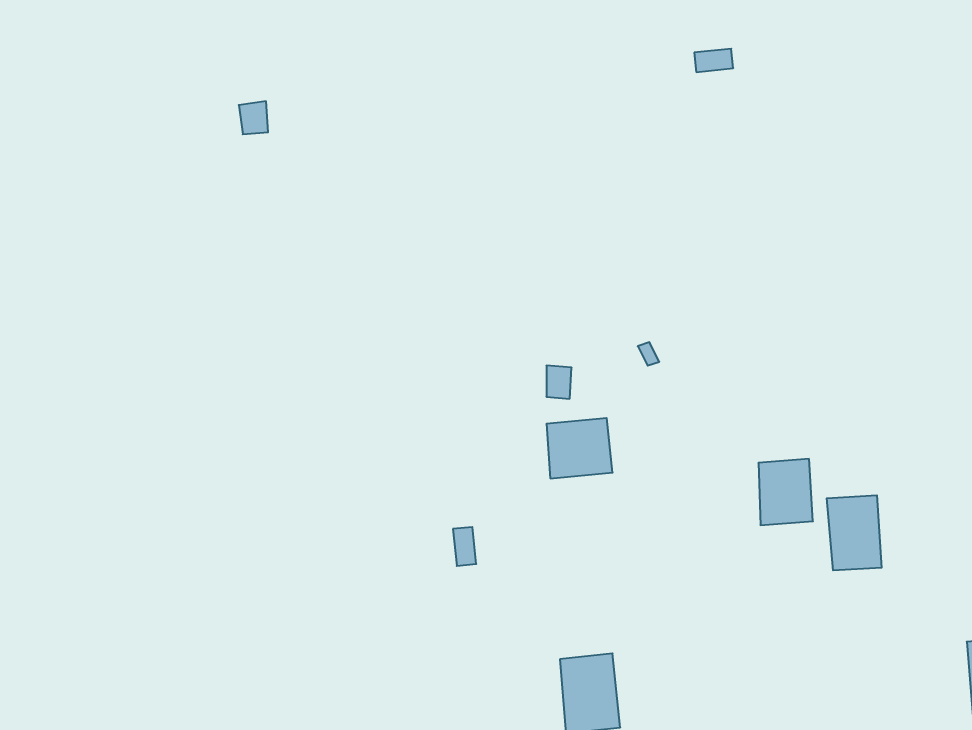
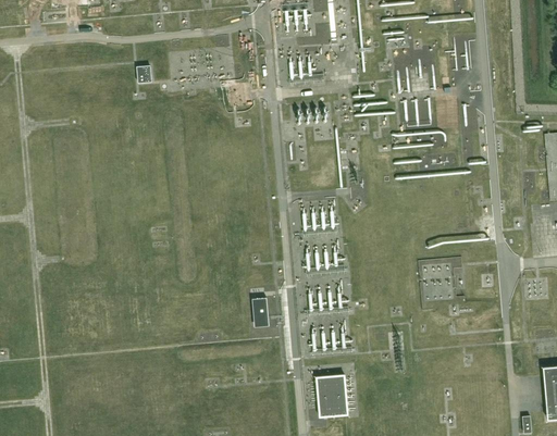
building: [827,495,882,570] -> none

